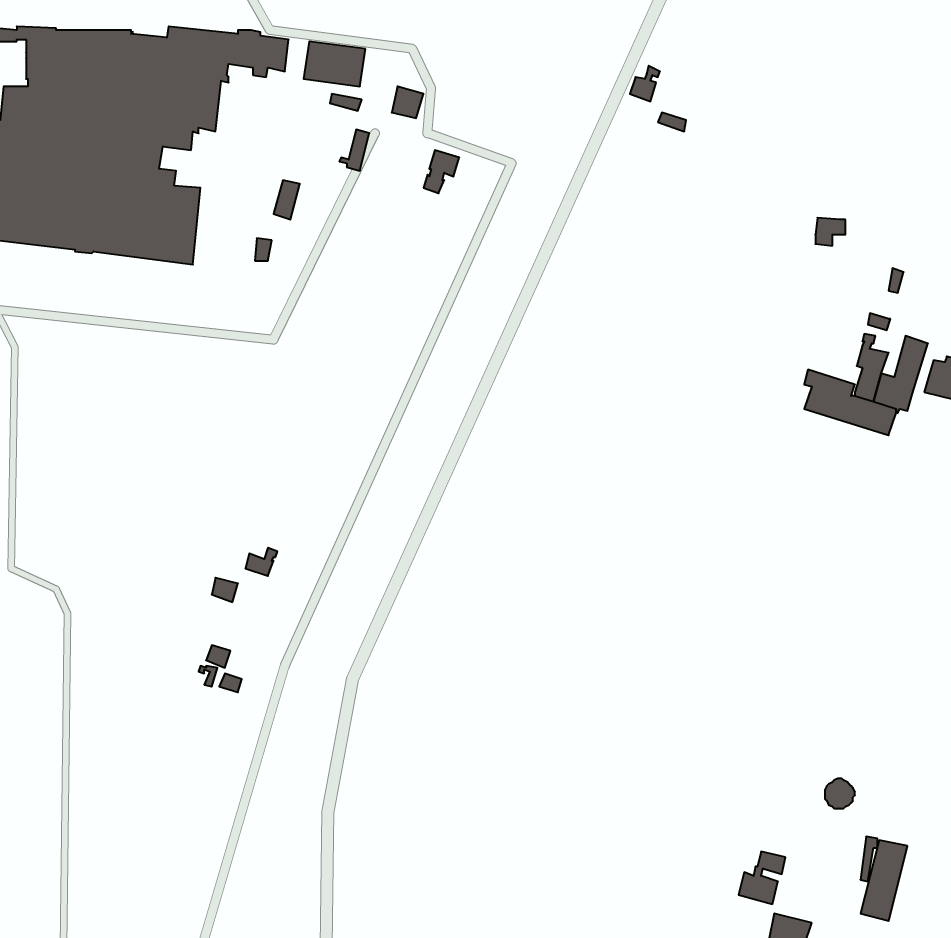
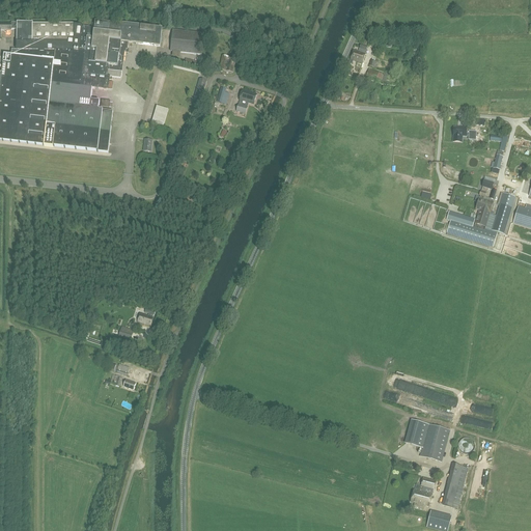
building: none -> [404,418,449,460]
building: [861,840,907,921] -> [441,463,467,507]

